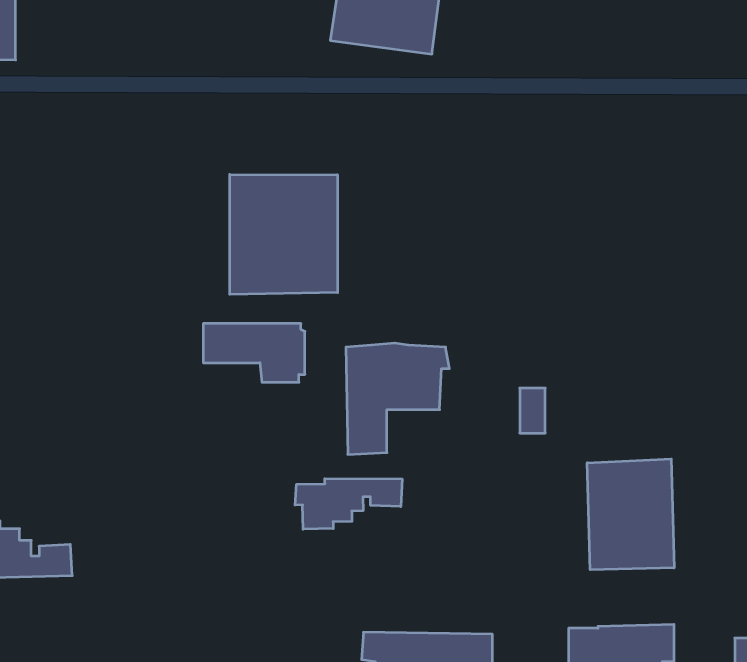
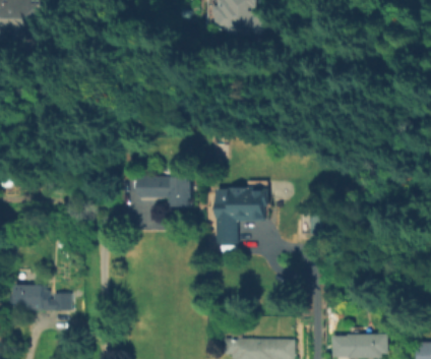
building: [230,174,338,294] -> none
building: [587,459,674,570] -> none
building: [295,479,402,529] -> none

